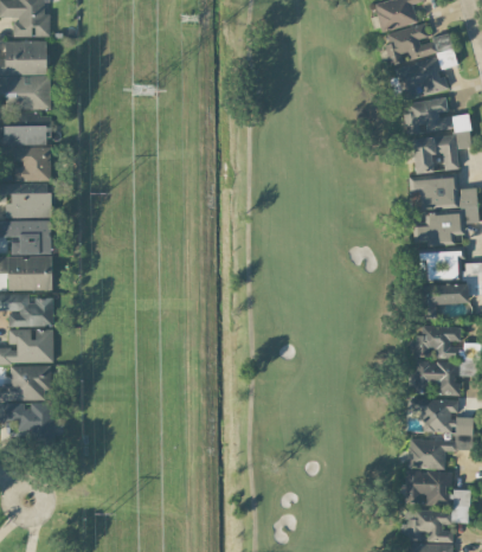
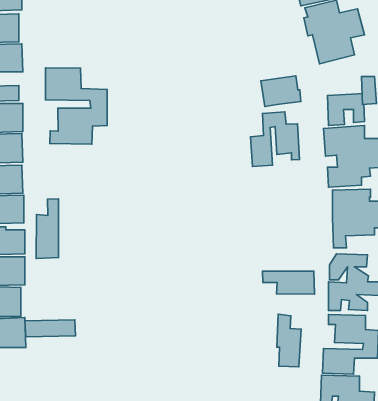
building: [404,97,451,134] -> [261,76,301,107]
building: none -> [45,68,107,144]
building: none -> [251,112,300,167]
building: none -> [36,199,59,258]
building: none -> [263,271,315,294]
building: none -> [277,314,301,367]
building: none -> [25,320,76,337]

